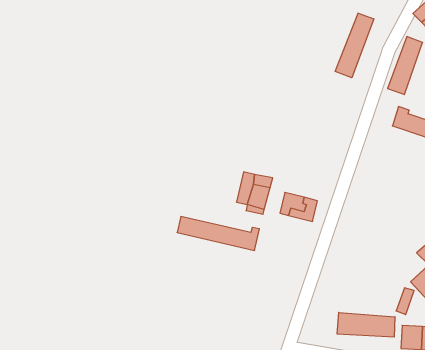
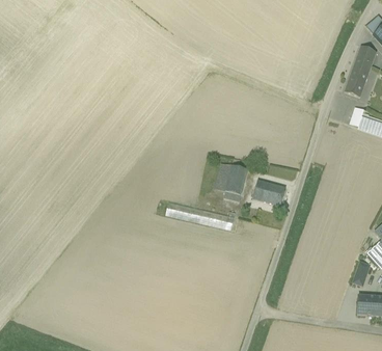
building: [335,13,374,78] -> none
building: [337,312,395,337] -> none

